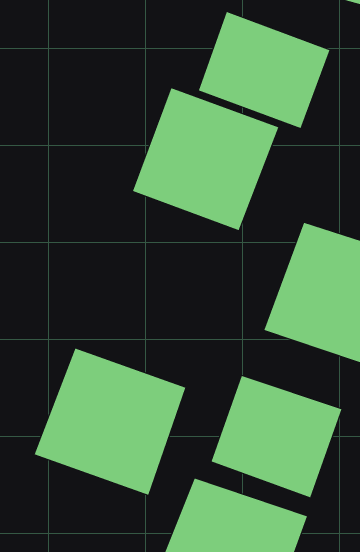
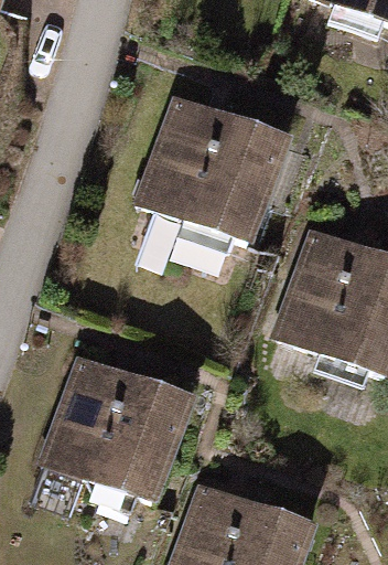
building: [198,11,330,129] -> none
building: [211,375,342,498] -> none

